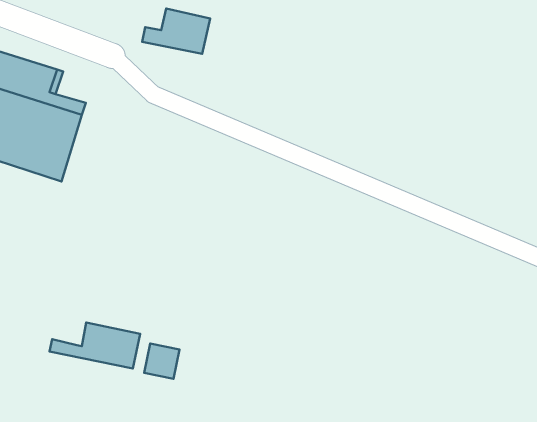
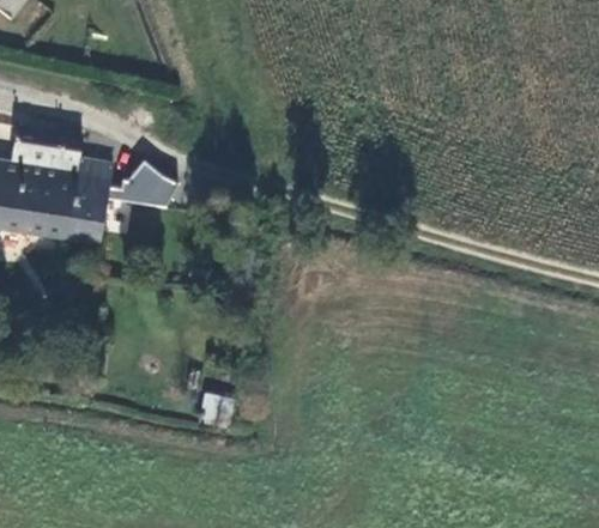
building: [142,8,210,54] -> [110,164,173,204]
building: [50,322,140,368] -> none

